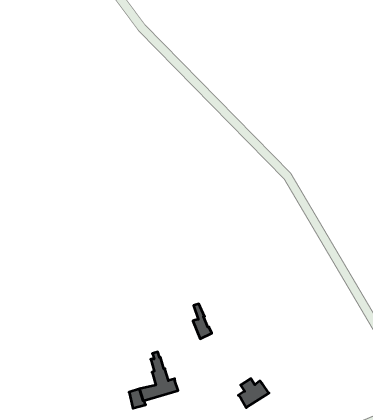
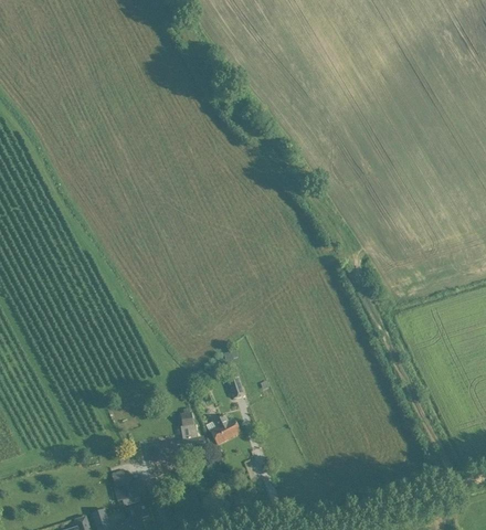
building: [238,379,269,408] -> [209,414,240,443]

